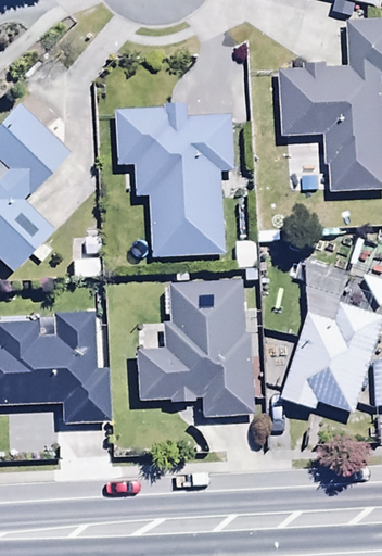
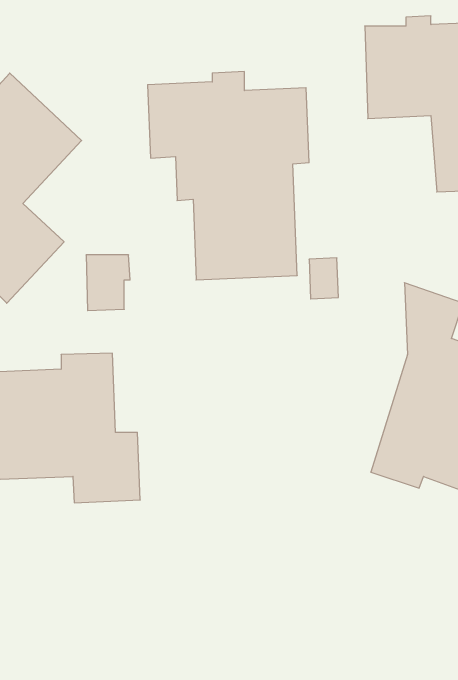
building: [132,281,254,416] -> none

